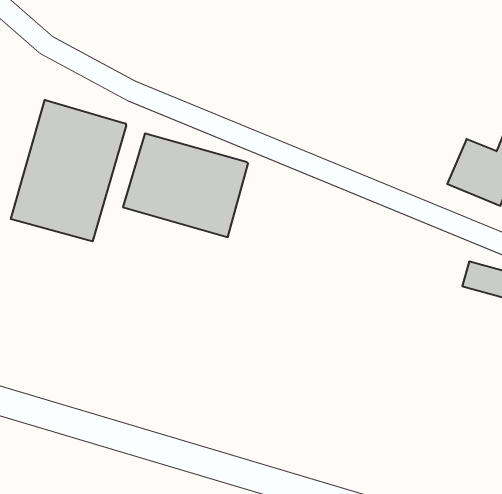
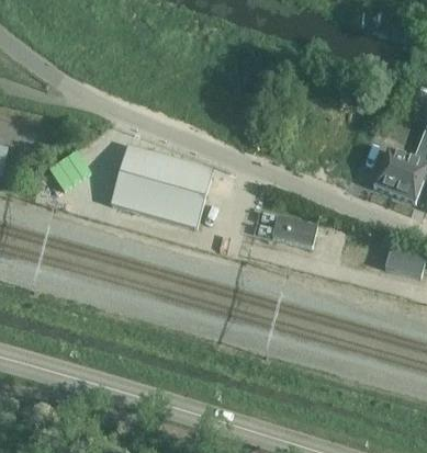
building: [11,100,126,241] -> none
building: none -> [272,214,318,246]

